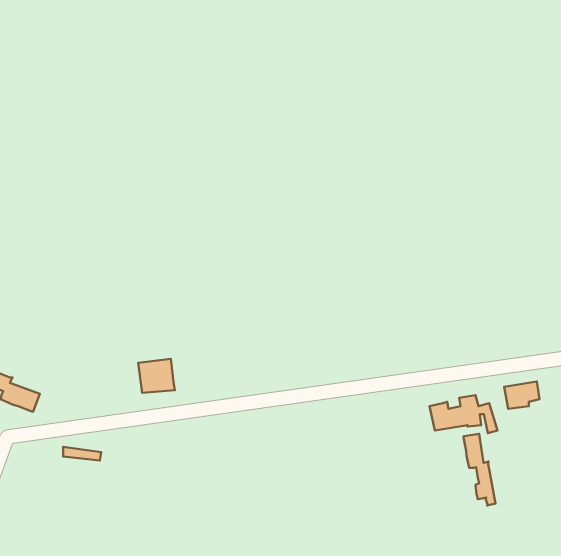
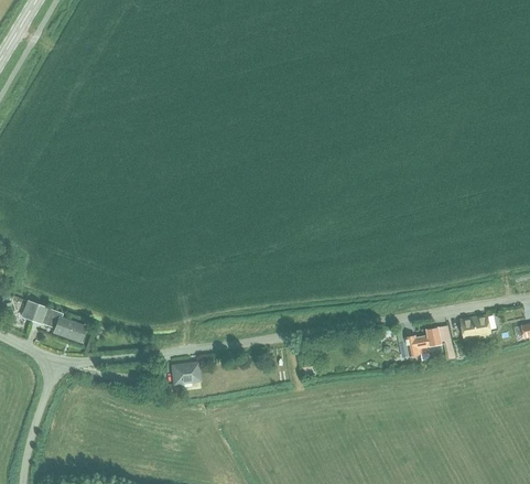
building: [138,359,175,393] -> [172,362,202,389]
building: [464,434,496,505] -> none

